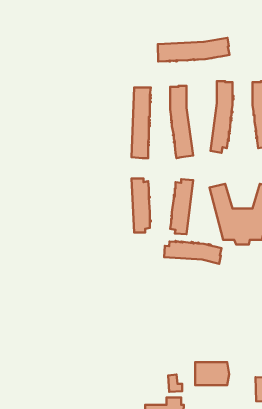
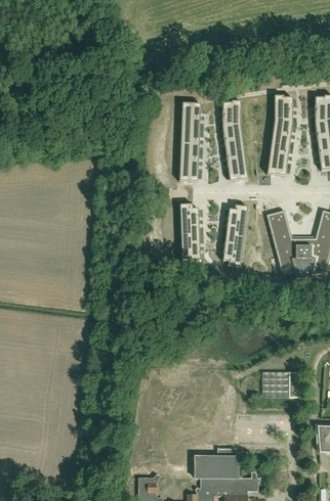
building: [158,38,230,62] -> none
building: [164,241,221,264] -> none
building: [195,362,229,385] -> [263,371,301,397]

